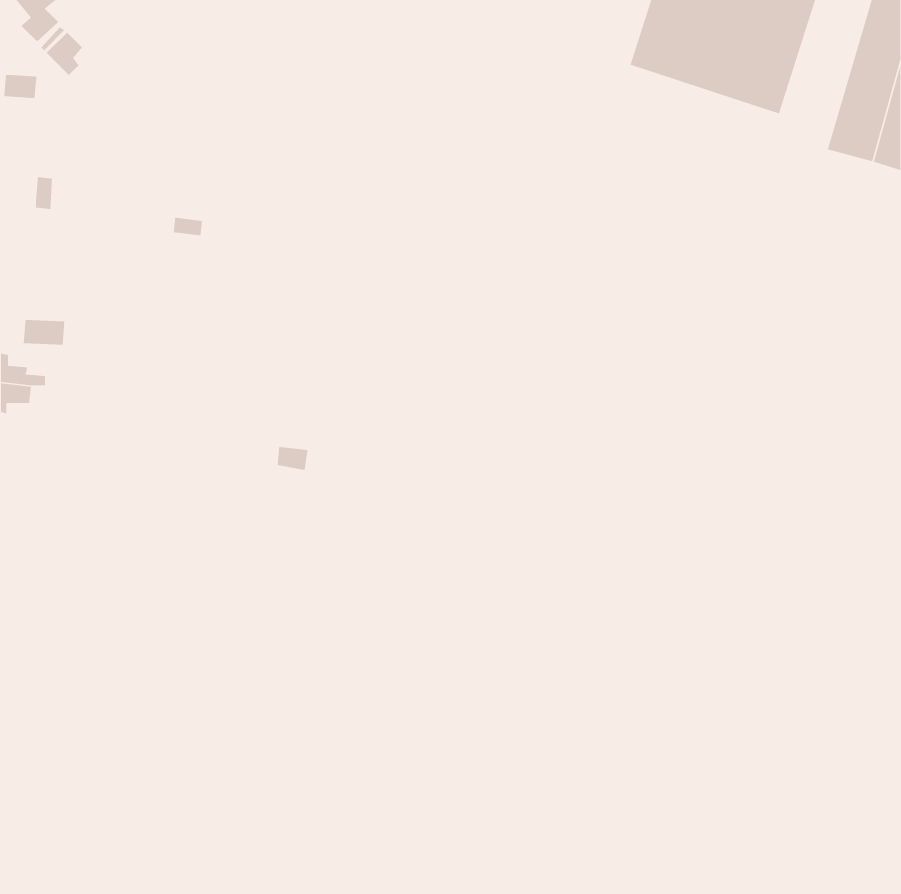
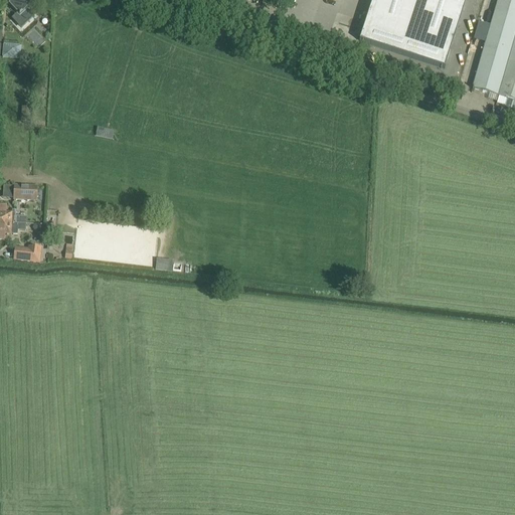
building: none -> [14,242,41,261]

